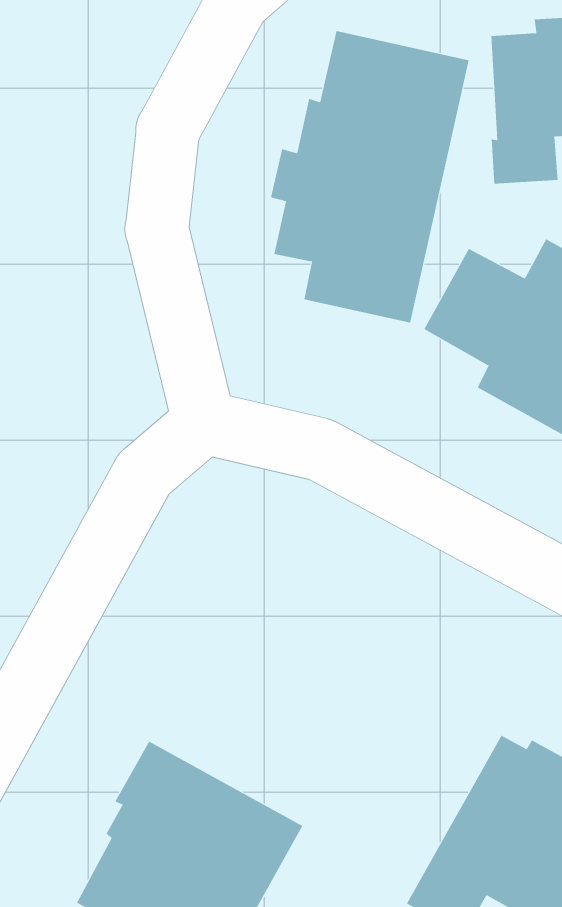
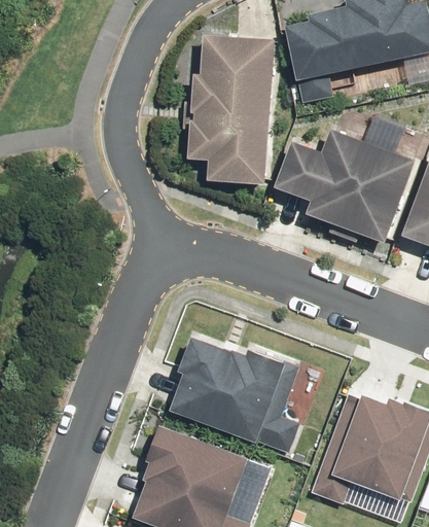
building: none -> [170,337,299,455]

